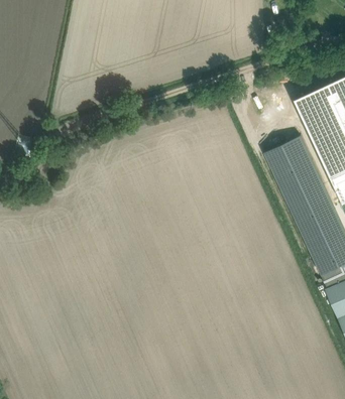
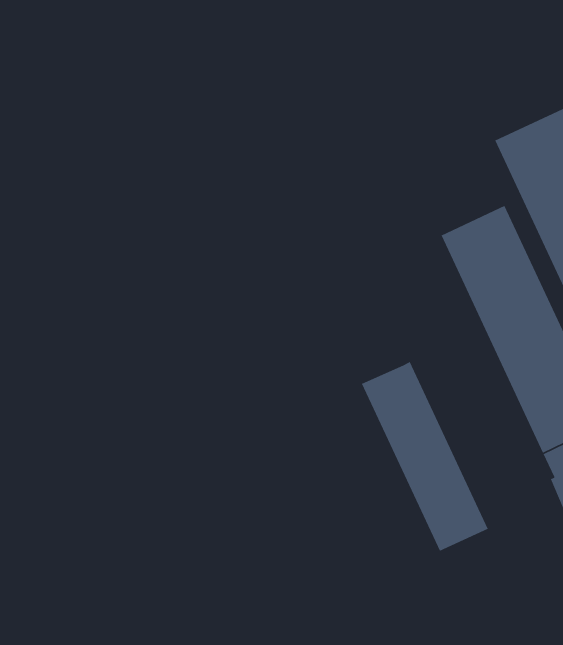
building: none -> [361,361,489,552]

